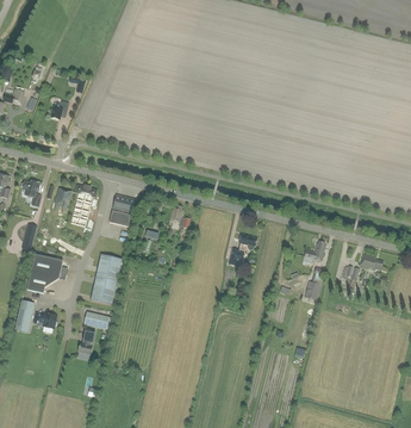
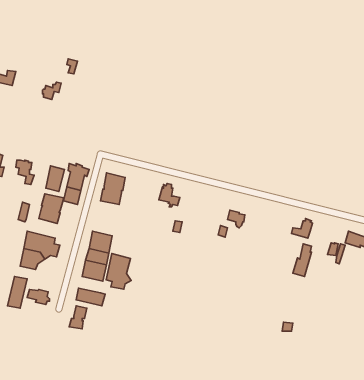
building: none -> [39,194,64,224]
building: none -> [106,253,131,289]

